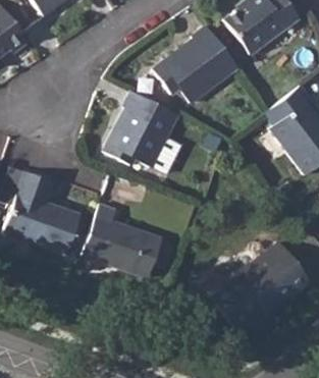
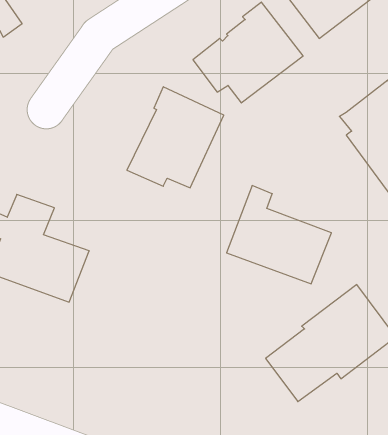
building: [78,203,158,277] -> [227,186,331,284]

